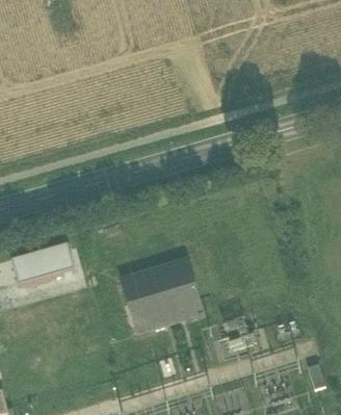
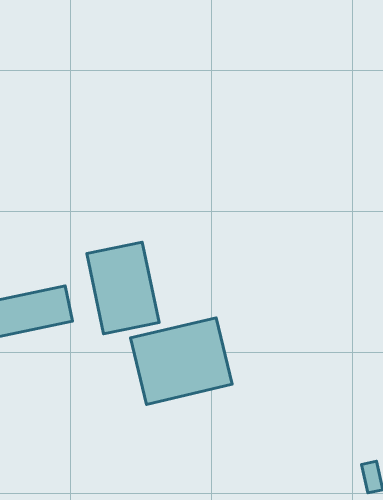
building: none -> [87,242,159,334]

